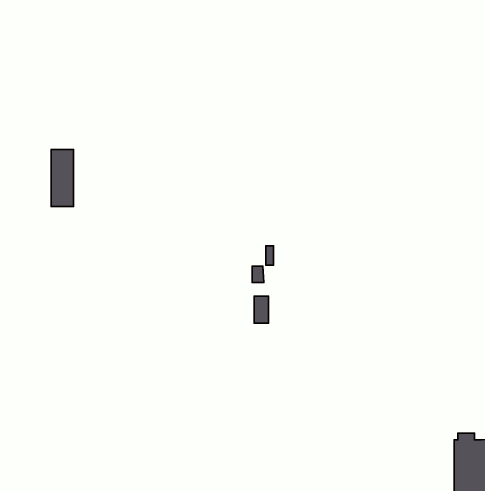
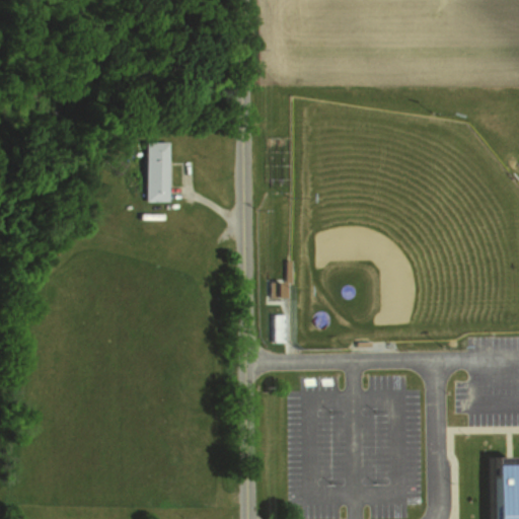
building: [51,150,73,206] -> [148,144,171,204]

